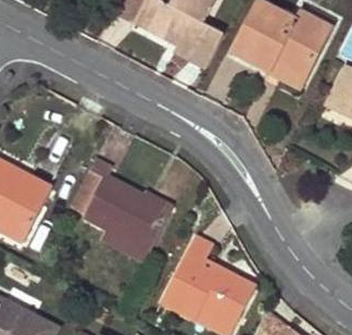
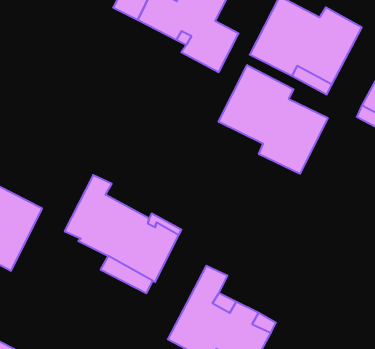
building: none -> [218,65,328,174]

